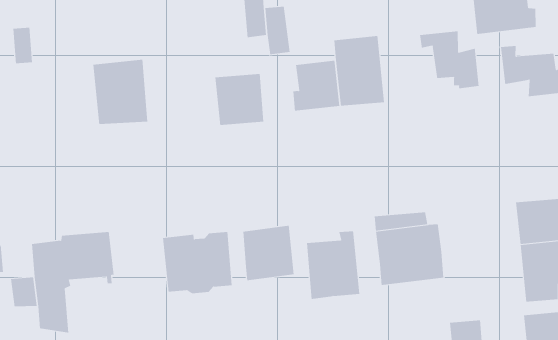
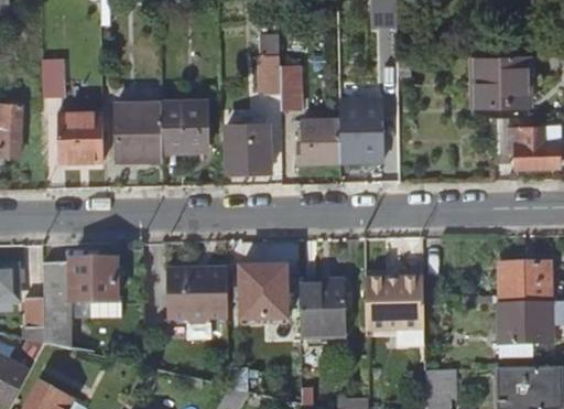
building: [420,30,479,89] -> none
building: none -> [162,100,208,150]
building: none -> [57,112,104,161]

